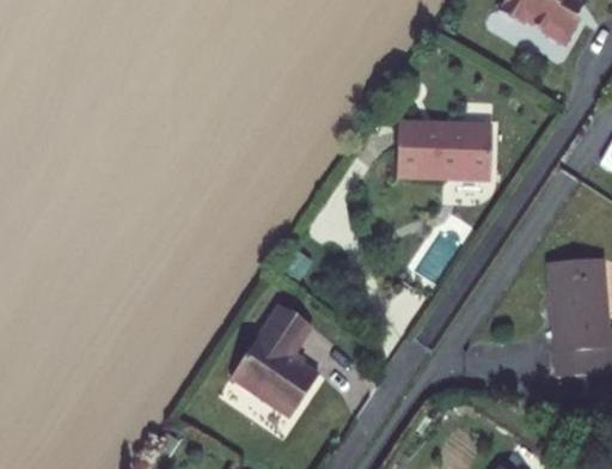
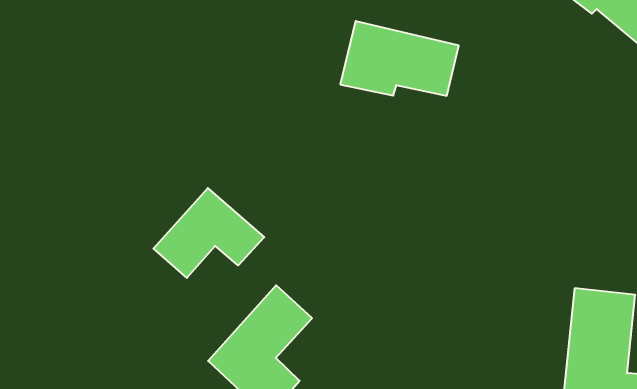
building: [396,120,494,179] -> [340,21,459,96]
building: none -> [153,188,264,278]

